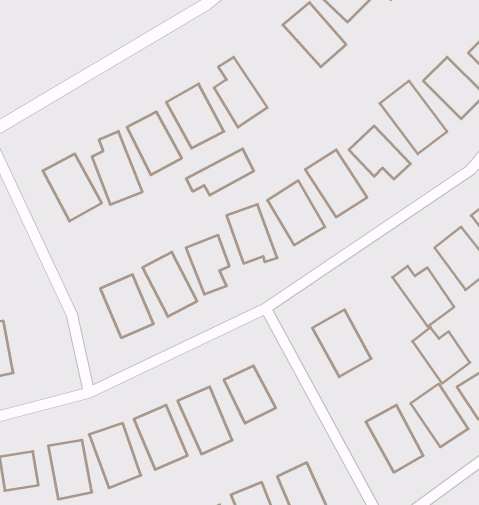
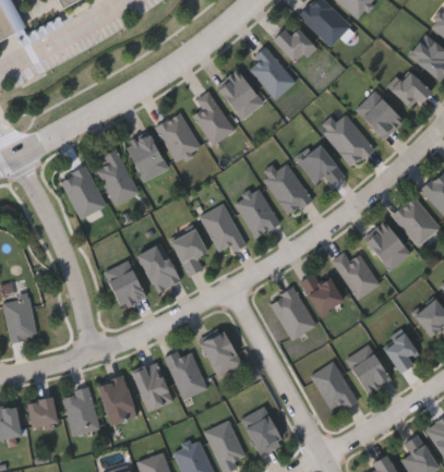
building: none -> [217,72,264,120]
building: [186,149,254,195] -> none
building: [412,327,470,383] -> [299,274,344,317]

